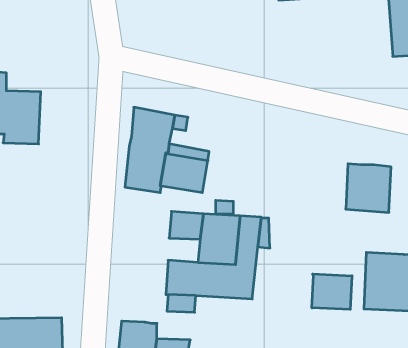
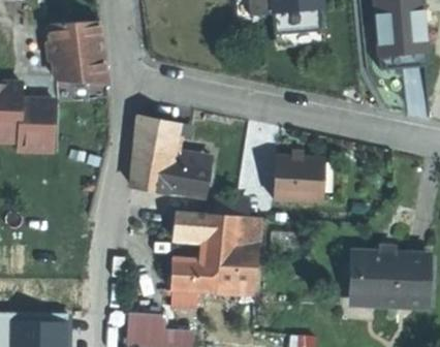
building: none -> [51,22,106,84]
building: [346,164,391,212] -> [275,157,317,202]
building: [312,274,352,309] -> none

